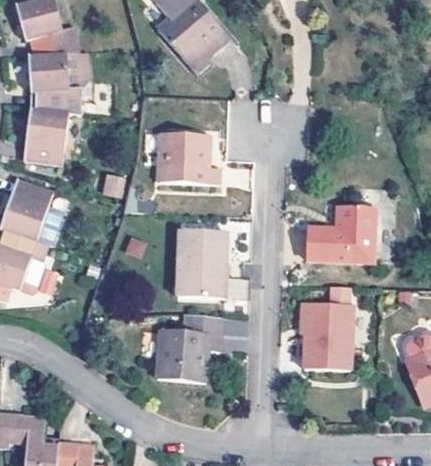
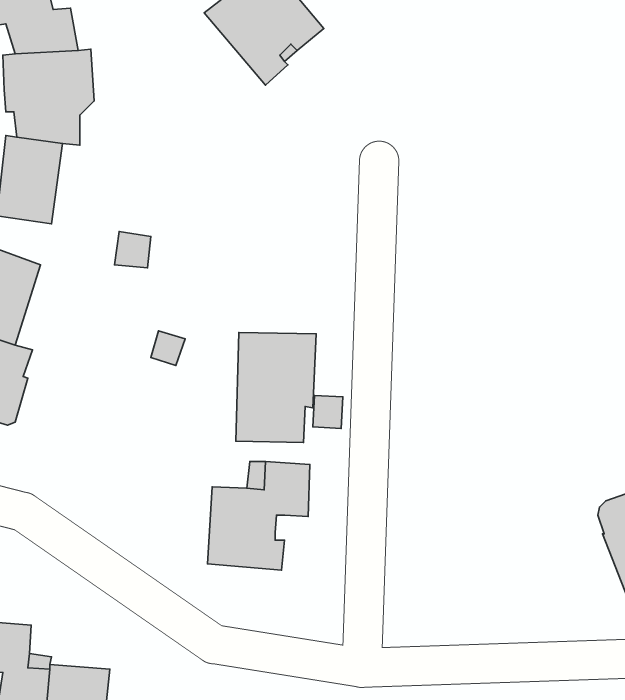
building: [160,132,219,183] -> none
building: [306,210,375,264] -> none
building: [304,306,350,373] -> none

